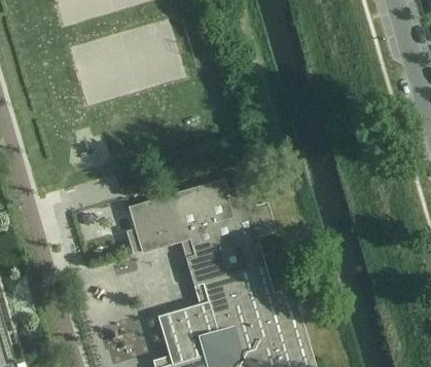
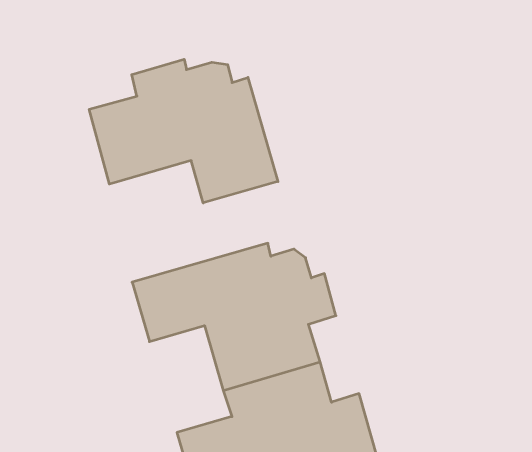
building: none -> [89,59,278,203]

